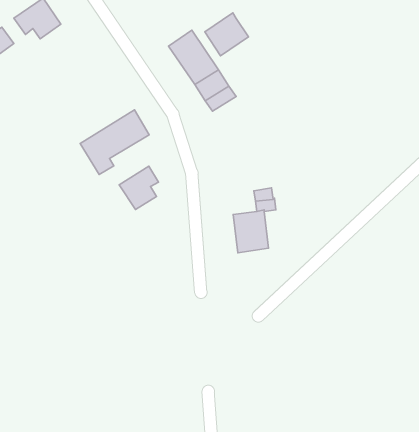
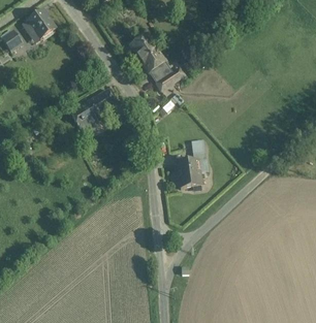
building: [205,13,248,56] -> none
building: [119,166,158,209] -> none

